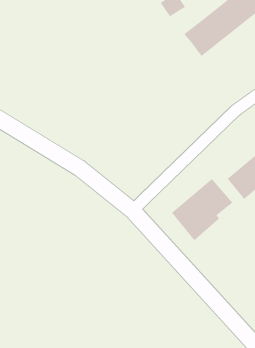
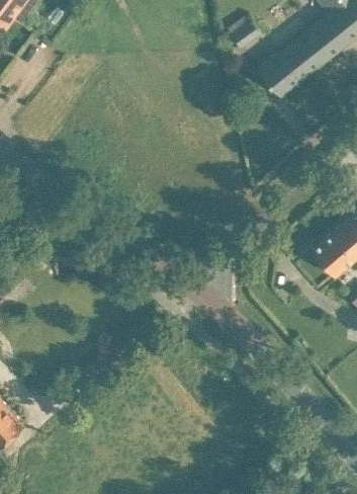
building: [171,178,233,241] -> none

